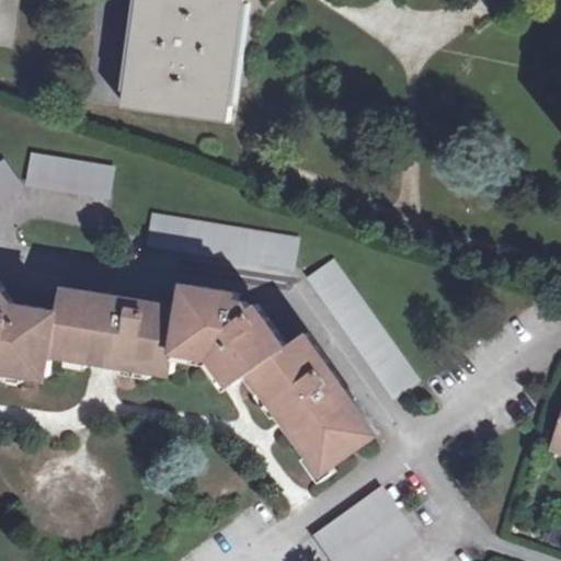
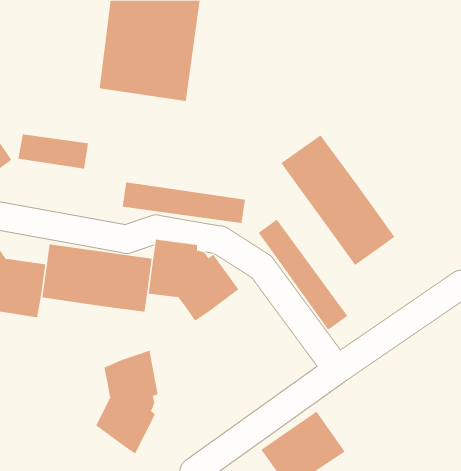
building: none -> [281,134,395,266]
building: [251,331,375,470] -> none
building: none -> [95,350,158,455]

